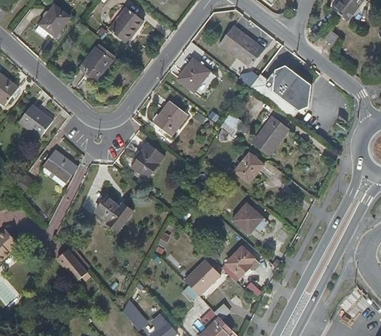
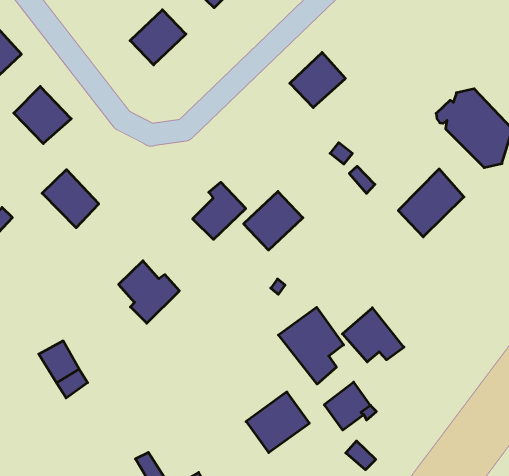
building: [220,26,263,66] -> none
building: [153,101,187,136] -> [244,191,303,250]
building: [234,153,263,182] -> none
building: none -> [278,307,344,384]

